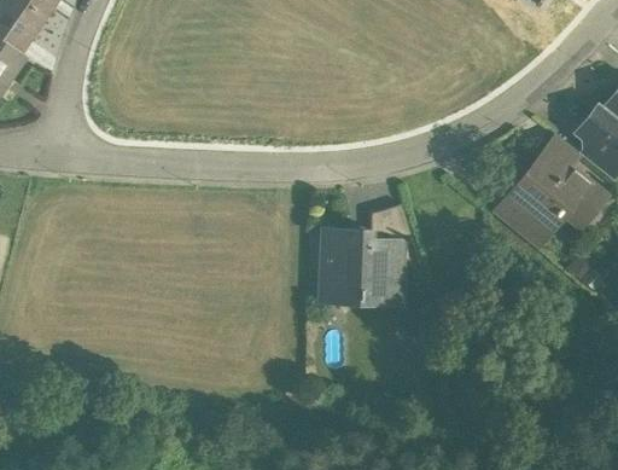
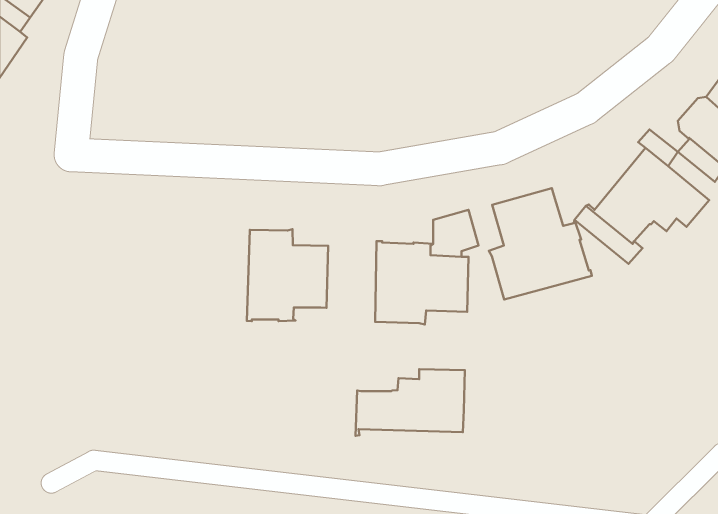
building: none -> [489,188,592,300]
building: none -> [247,229,328,321]
building: none -> [356,369,465,436]

